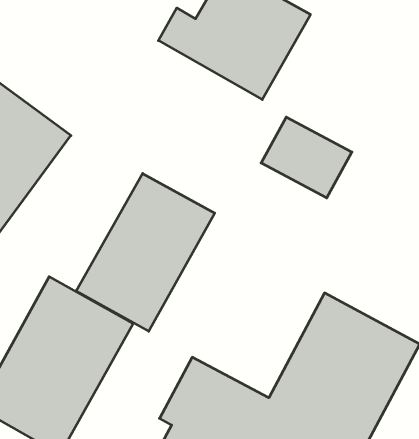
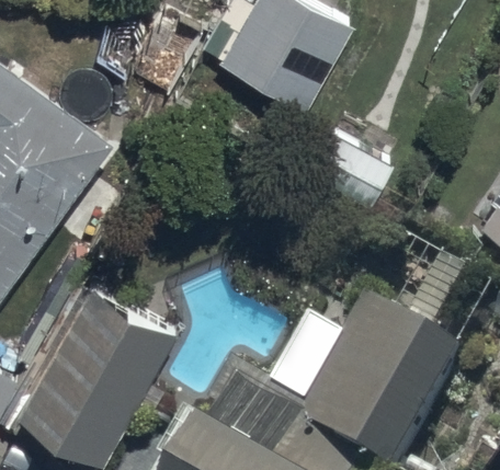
building: [76,173,215,331] -> none

